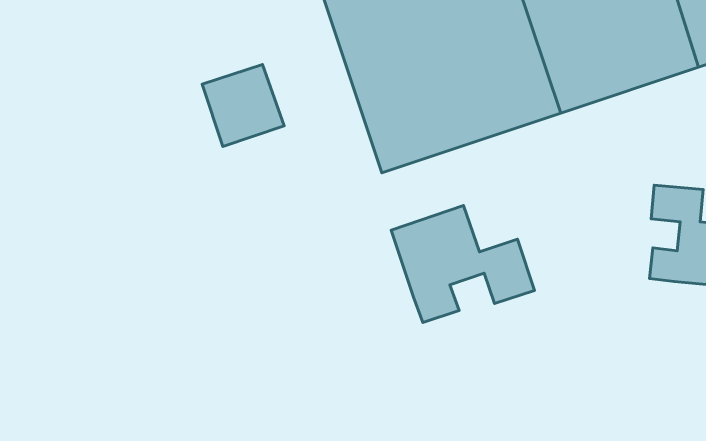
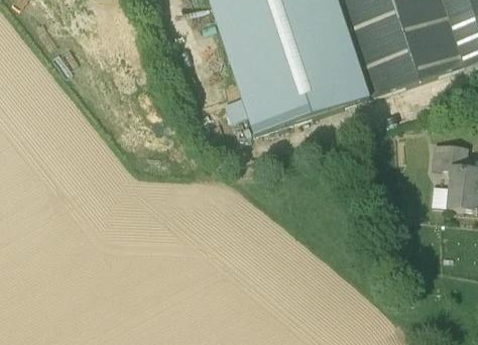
building: [202,65,284,146] -> none
building: [391,206,534,323] -> none

